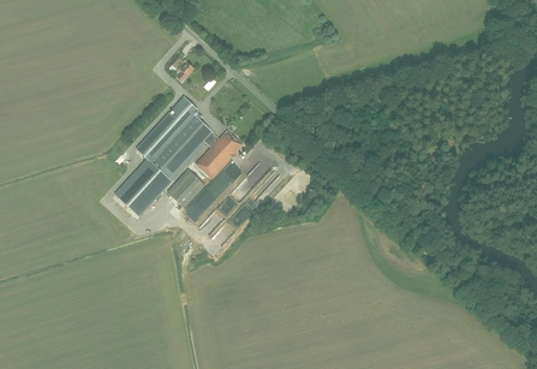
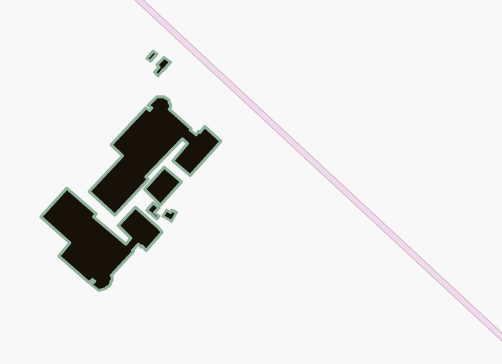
building: none -> [41,188,162,290]

